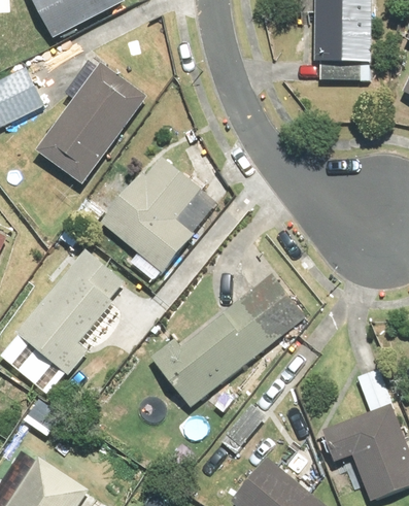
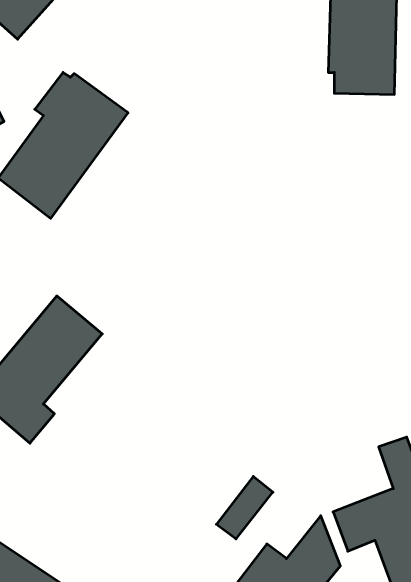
building: [100,158,200,272] -> none
building: [149,275,305,407] -> none

